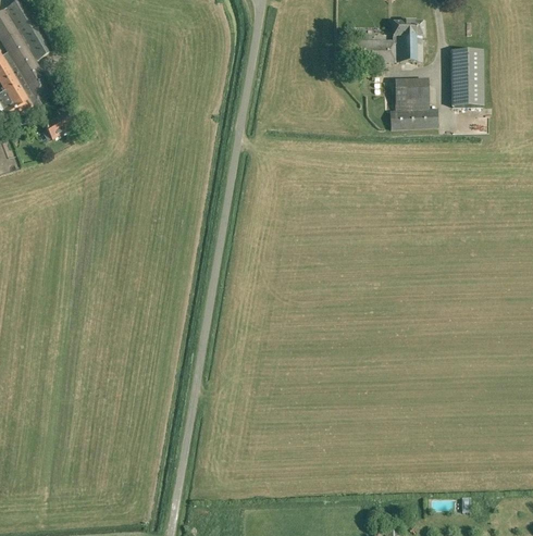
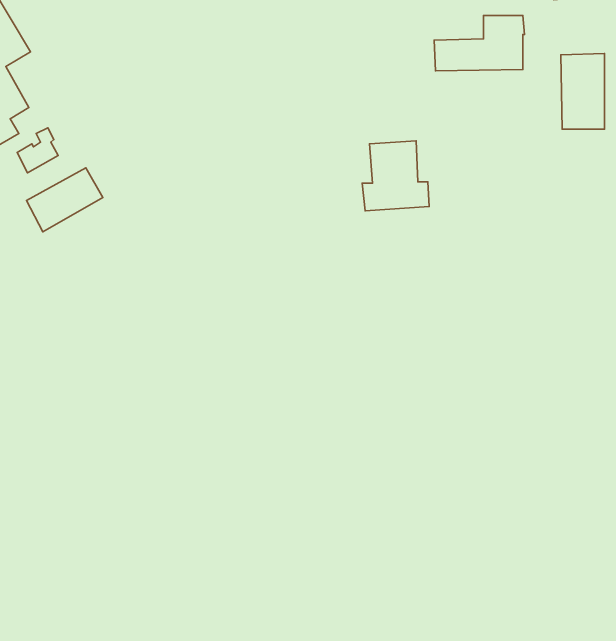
building: [387,77,437,129] -> [362,141,429,211]
building: none -> [26,168,103,232]

